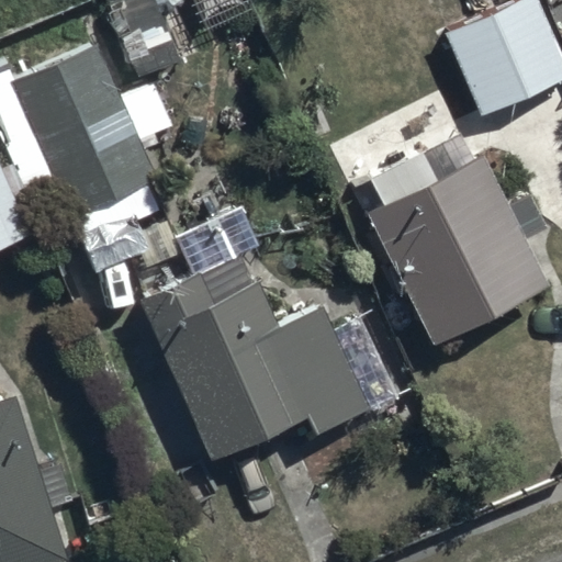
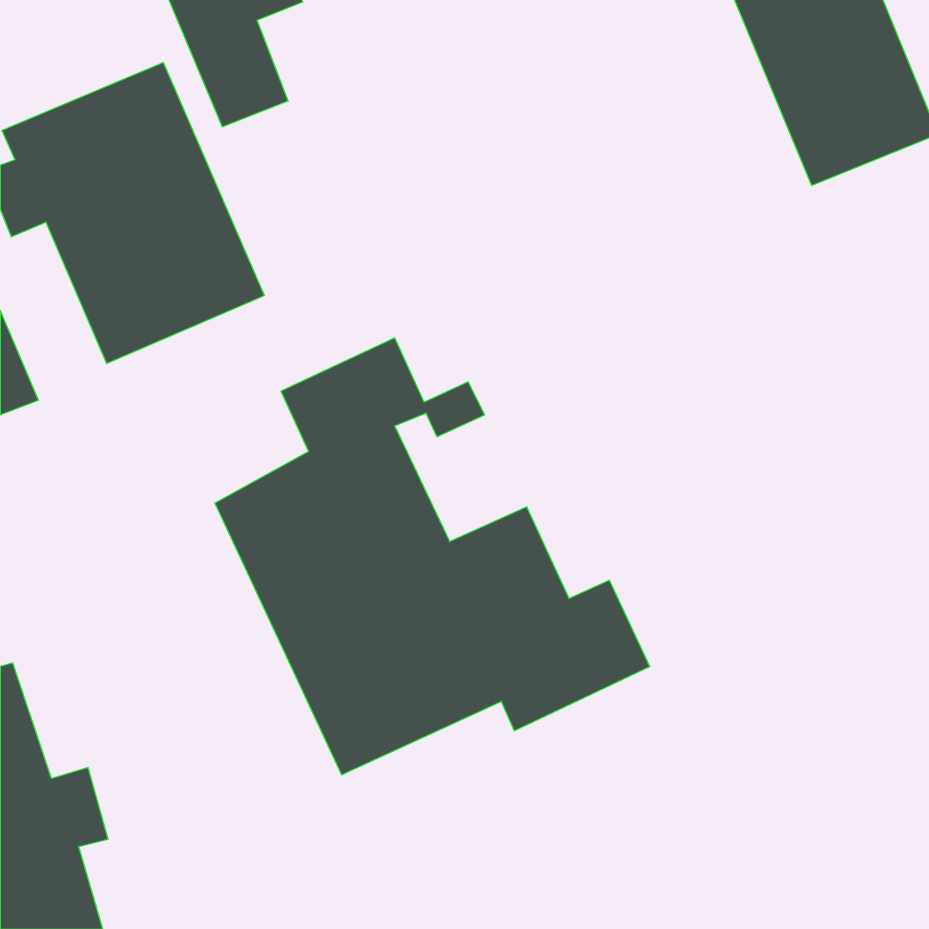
building: [361,149,551,349] -> none

